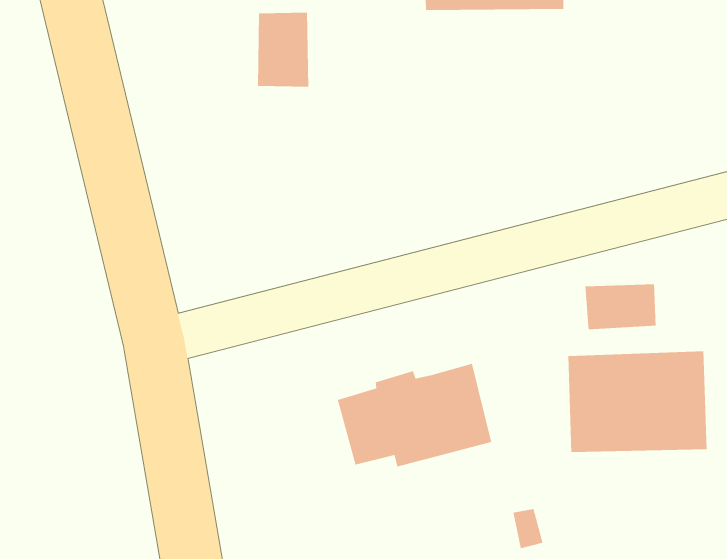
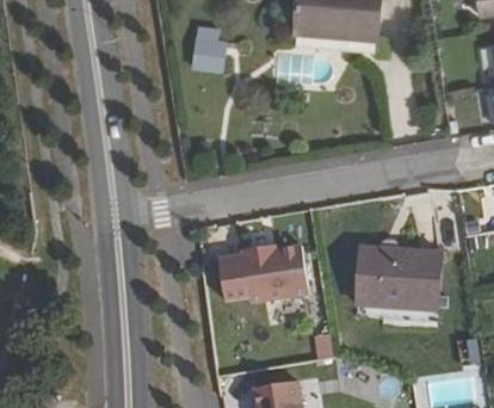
building: [585,283,656,330] -> none

